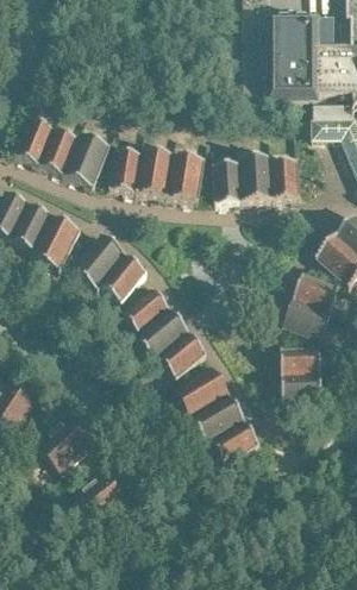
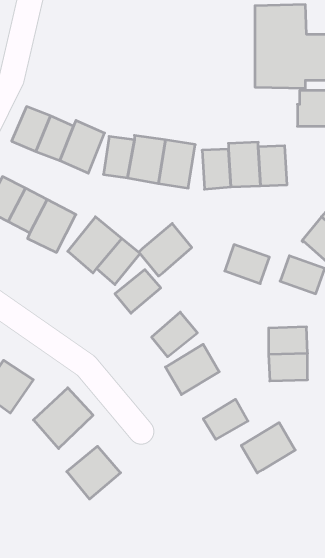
building: [283,299,330,339] -> [225,245,269,284]
building: [134,306,189,360] -> [139,223,192,276]
building: [190,393,246,445] -> [241,423,295,473]

